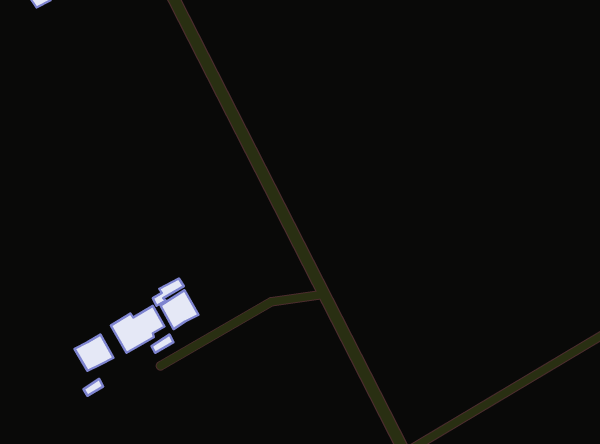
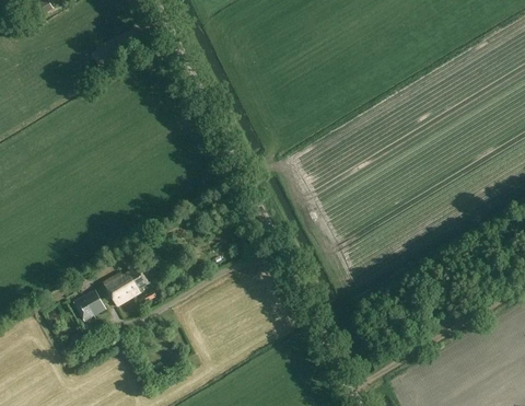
building: [161,290,198,329] -> none

